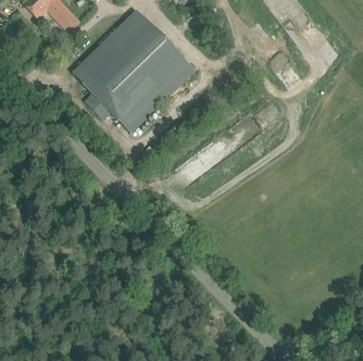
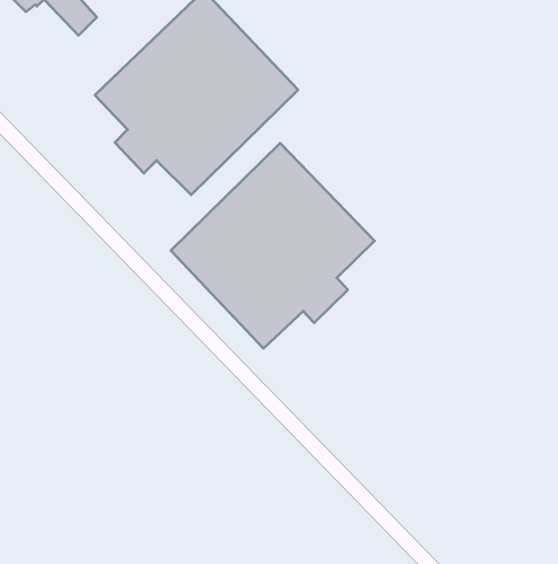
building: none -> [171,143,375,348]

